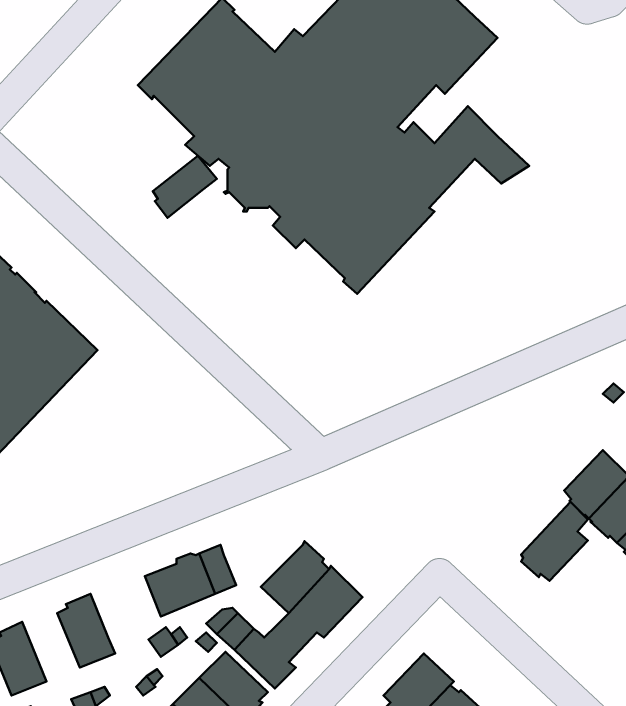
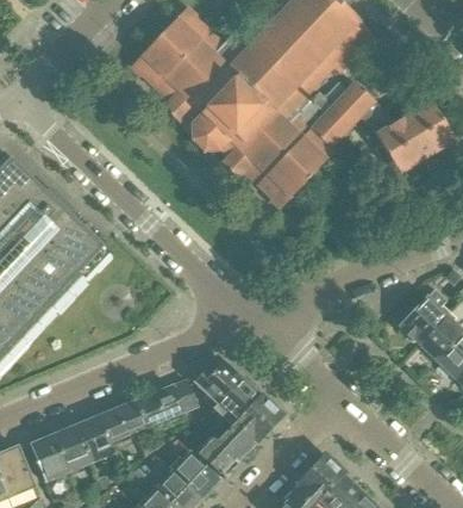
building: none -> [376,101,455,173]
building: [153,156,217,218] -> none
building: [521,502,588,581] -> [401,289,446,342]
building: none -> [194,360,243,408]
building: none -> [99,401,146,442]
building: none -> [52,426,92,472]

